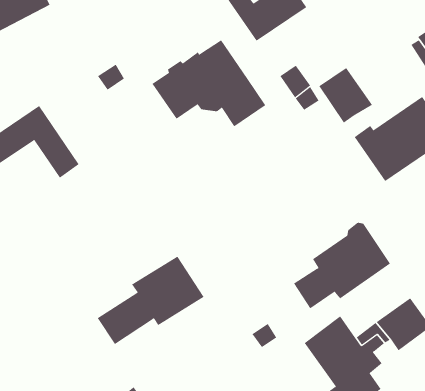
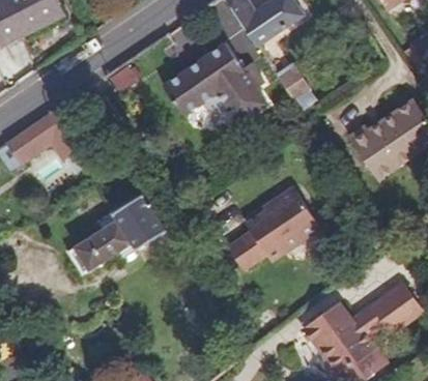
building: [319,67,373,124] -> none
building: [293,222,391,309] -> [228,190,319,271]
building: [97,256,204,345] -> [63,195,164,277]

